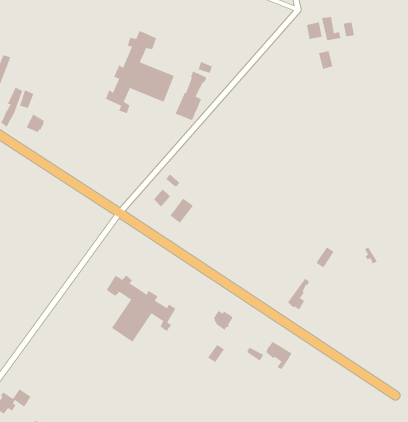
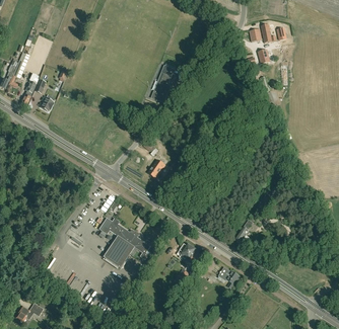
building: [105,30,174,114] -> none

